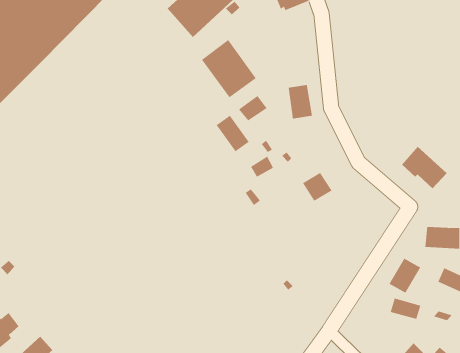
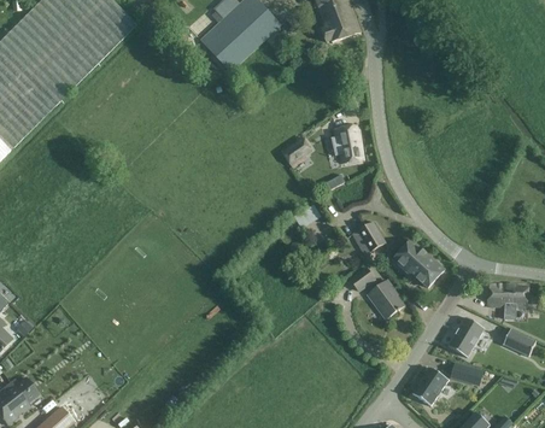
building: [201,39,256,98] -> none
building: [216,115,250,152] -> none
building: [401,146,448,189] -> [392,239,444,287]
building: none -> [350,268,403,318]
building: none -> [411,367,449,405]

